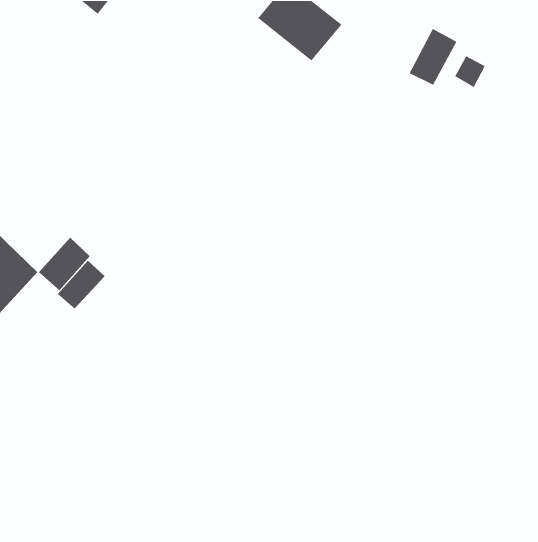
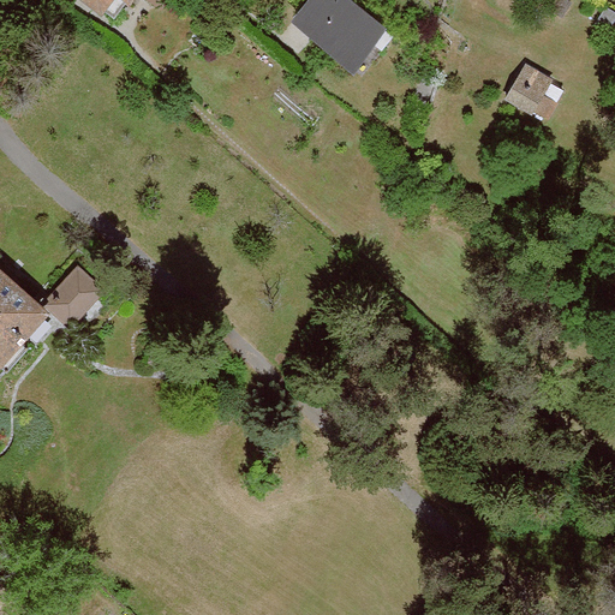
building: [409,28,458,86] -> none
building: [57,260,106,309] -> none

